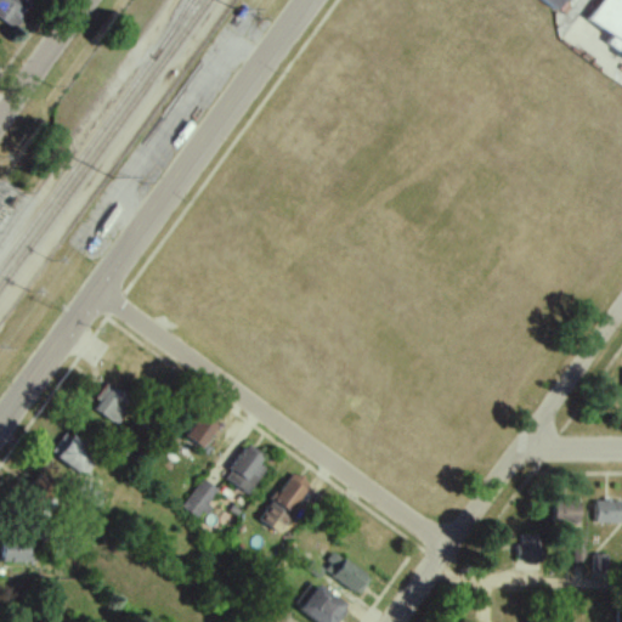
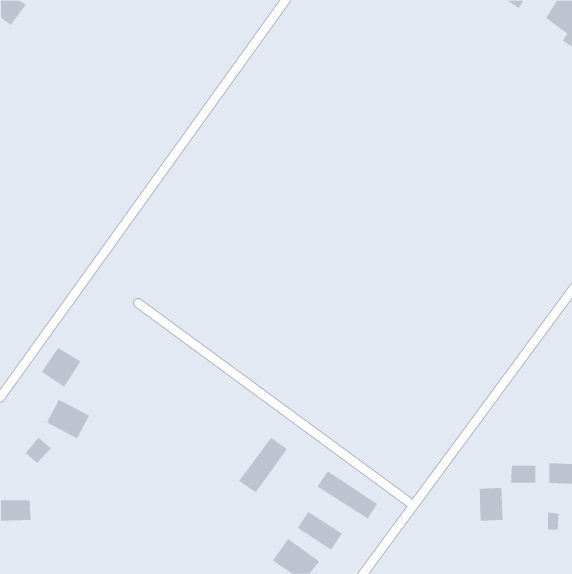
building: [92,381,136,425] -> [41,347,81,387]
building: [187,413,220,448] -> none
building: [226,446,271,494] -> none
building: [182,479,221,520] -> none
building: none -> [317,471,378,519]

